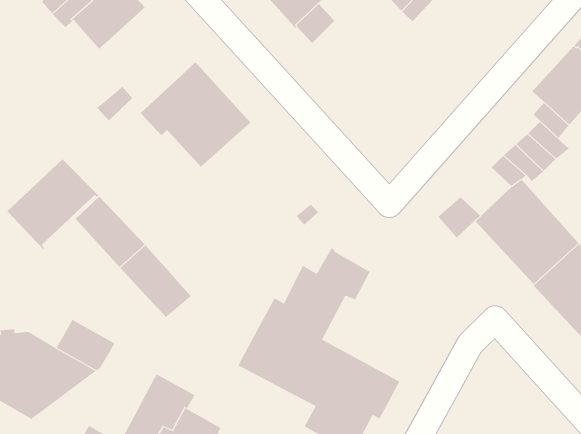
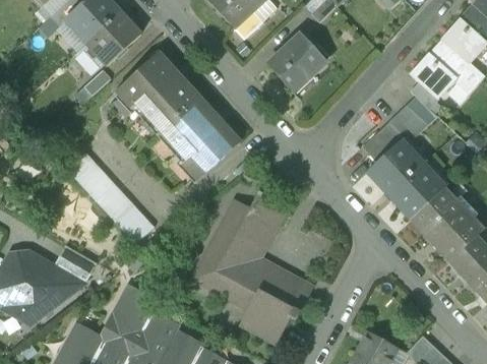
building: none -> [85,10,141,65]
building: none -> [267,34,324,88]
building: none -> [162,97,240,179]
building: [6,159,99,250] -> none
building: [438,196,481,238] -> [362,130,394,162]

